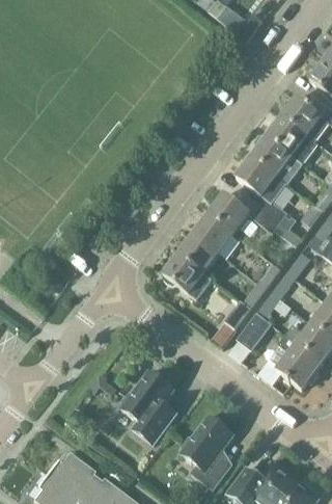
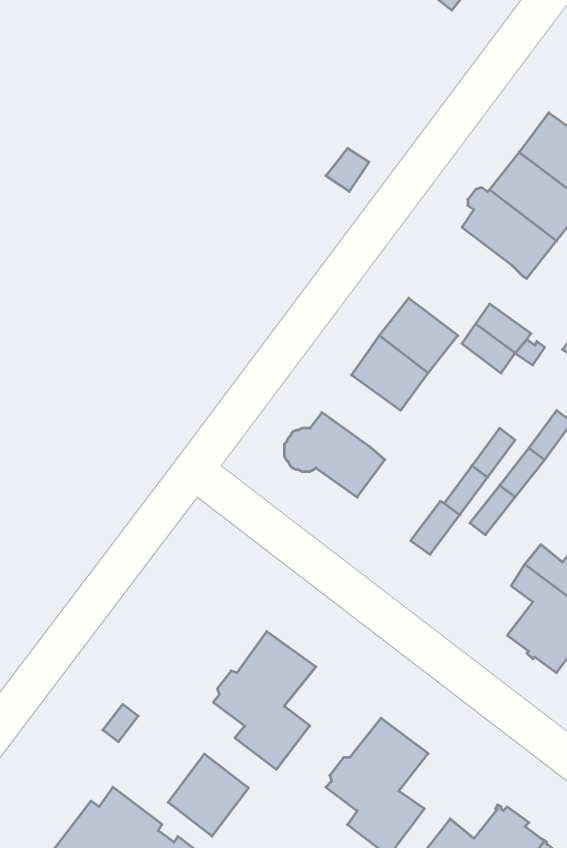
building: [237,156,284,196] -> none
building: [178,234,220,272] -> none
building: [237,312,272,350] -> none
building: none -> [168,754,248,836]

